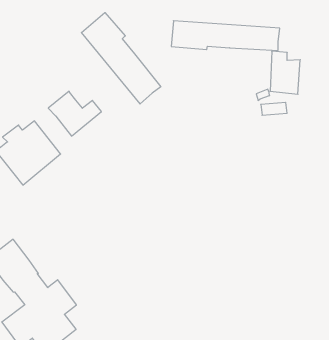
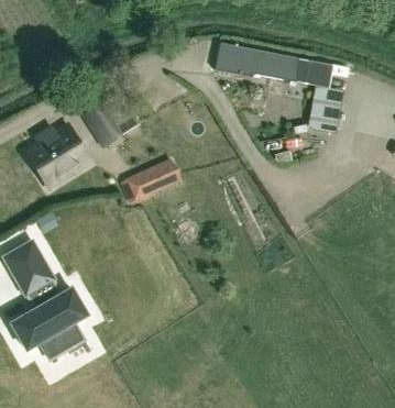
building: [81,13,161,104] -> none
building: none -> [124,164,163,199]

